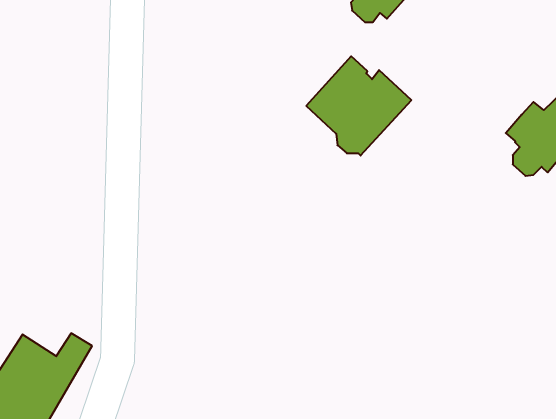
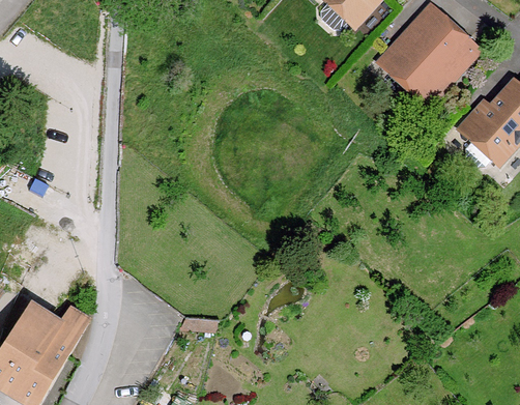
building: [306,56,411,156] -> [383,13,478,103]

